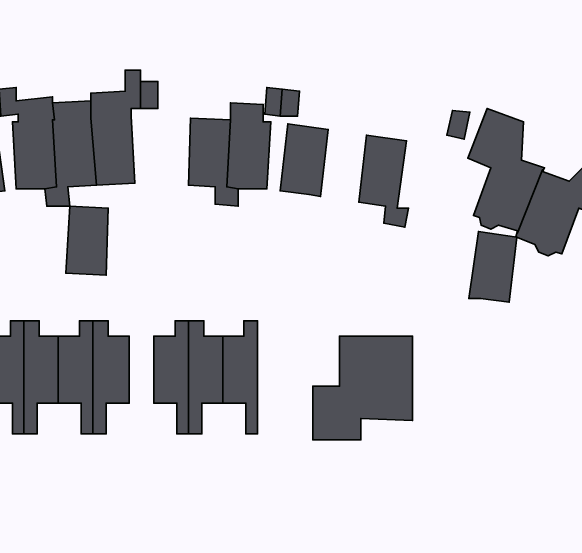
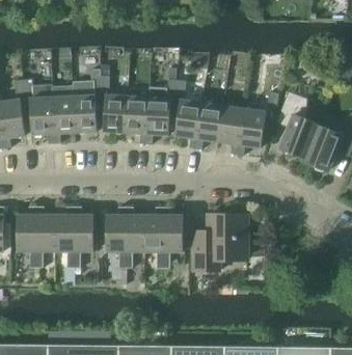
building: none -> [189,103,222,149]
building: [66,206,108,275] -> [104,95,127,133]
building: [469,231,517,302] -> [239,109,265,147]
building: none -> [163,207,183,268]

